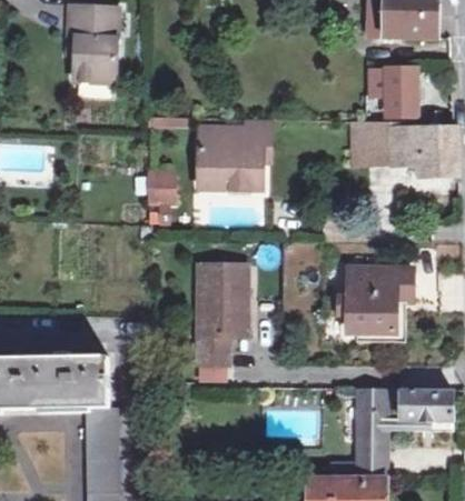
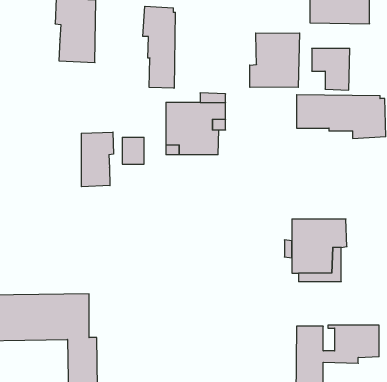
building: none -> [143,6,175,88]
building: none -> [250,33,299,87]
building: none -> [81,132,113,187]
building: [197,263,247,363] -> none

